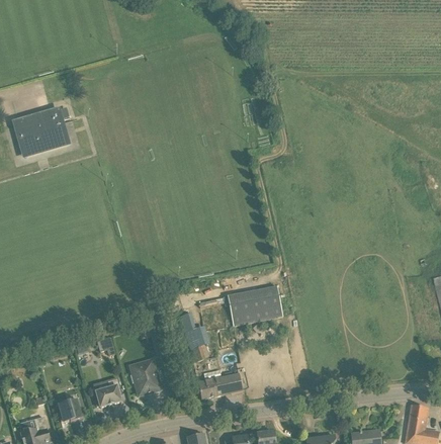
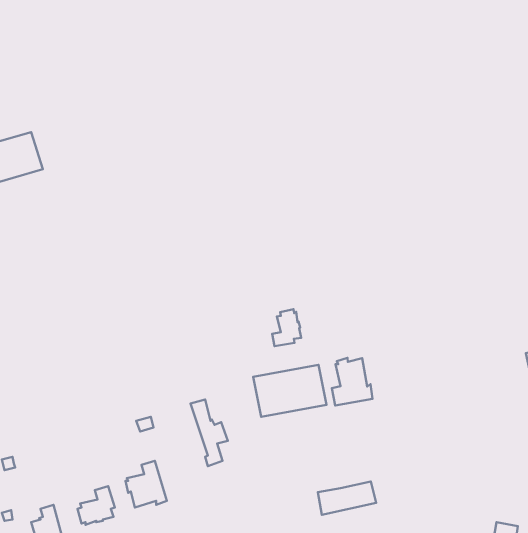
building: none -> [272,309,301,346]
building: none -> [332,358,372,406]
building: [197,373,242,398] -> [318,482,376,515]

